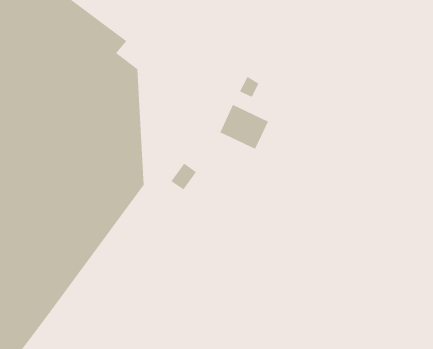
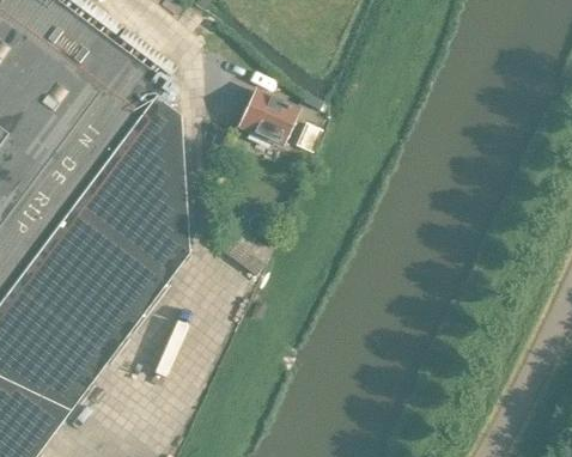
building: [219,104,269,150] -> [239,91,298,145]

